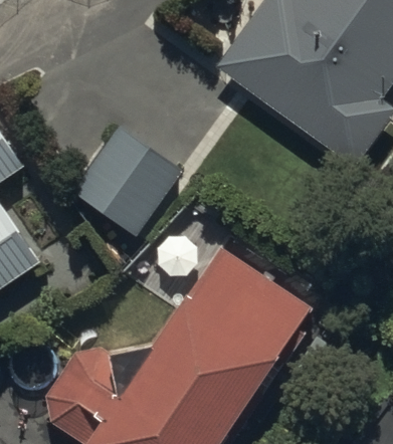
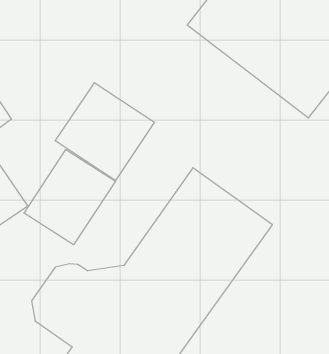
building: none -> [24,150,115,245]

